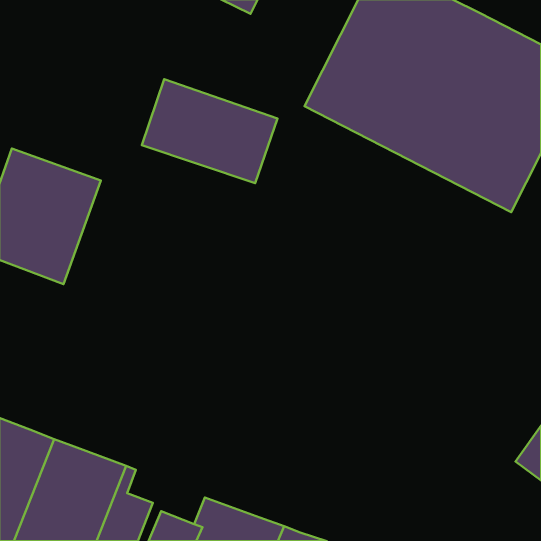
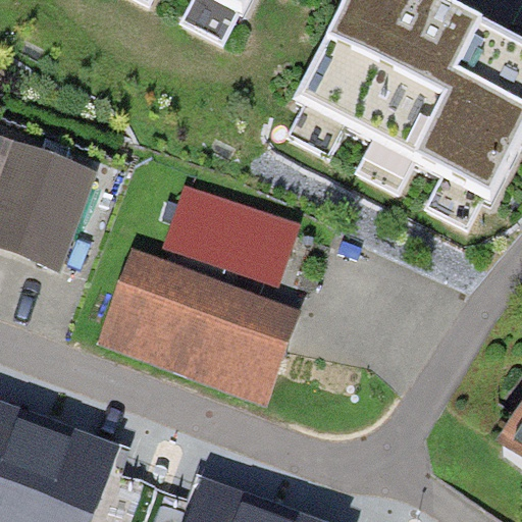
building: [142,79,278,183] -> [165,187,296,286]
building: none -> [97,250,301,406]

